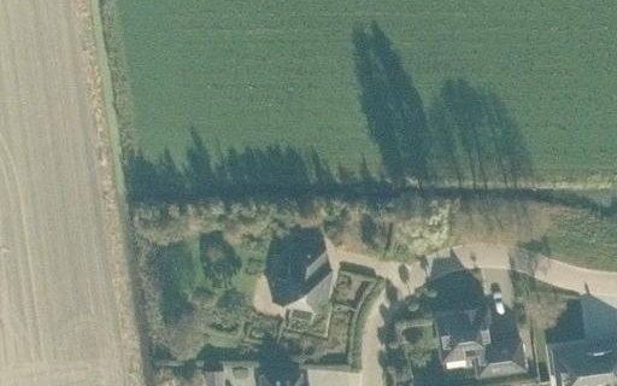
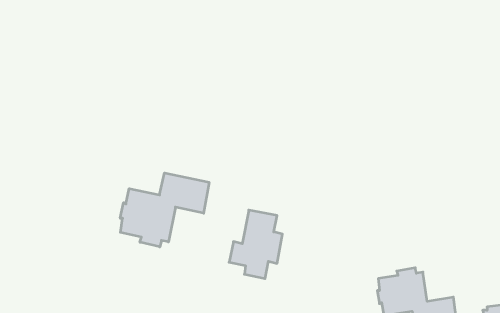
building: none -> [120,173,209,247]

